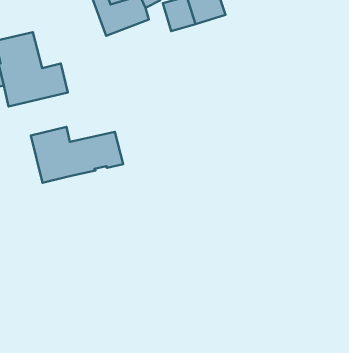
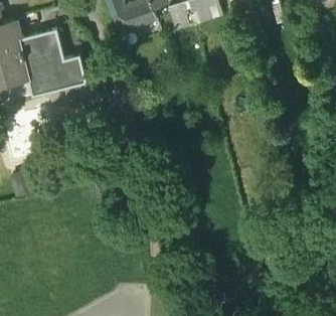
building: [31,127,123,183] -> none

